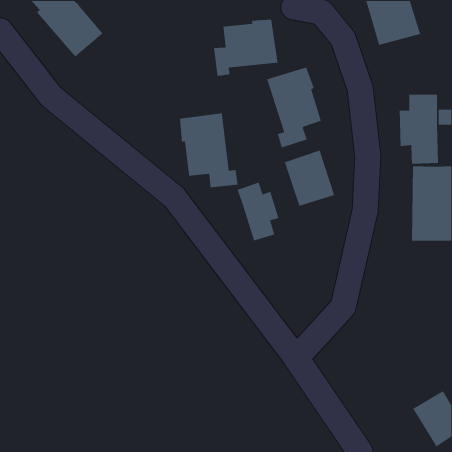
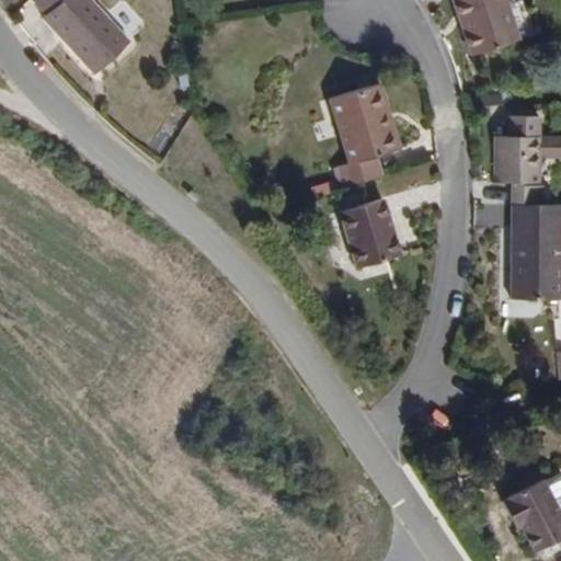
building: [213,19,278,77] -> none
building: [179,112,238,188] -> none
building: [237,182,280,241] -> none

